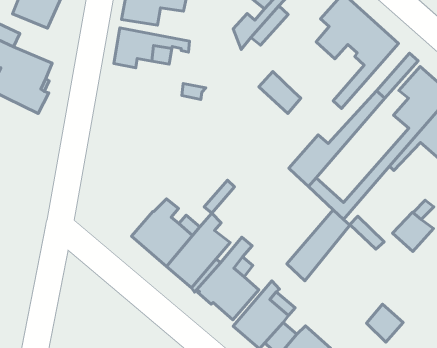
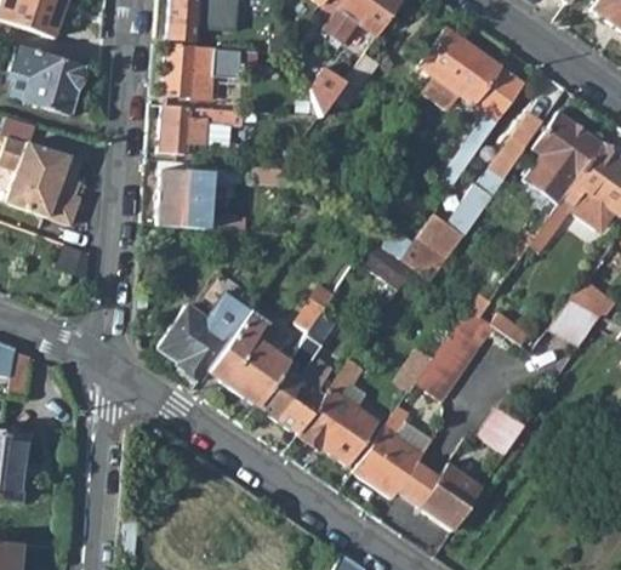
building: [259,72,301,114] -> [357,238,412,290]
building: none -> [156,169,241,229]
building: none -> [158,291,250,381]
building: [366,304,403,342] -> [477,407,524,456]

